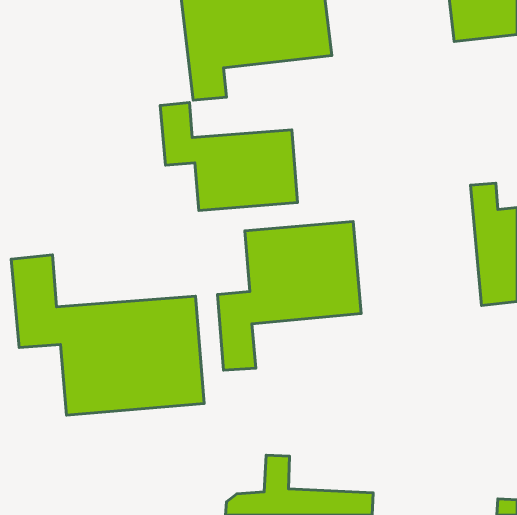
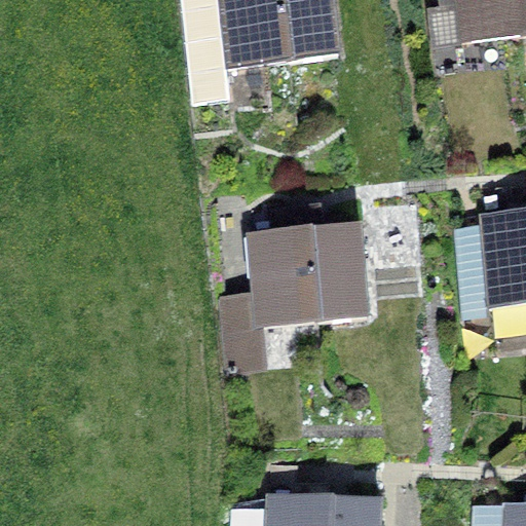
building: [160,103,297,211] -> none
building: [11,255,204,415] -> none

